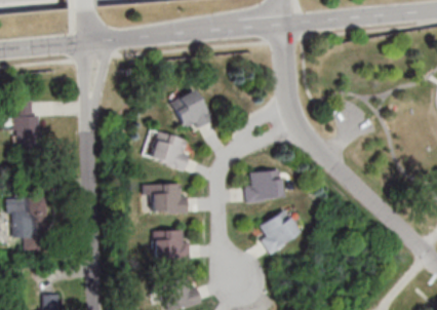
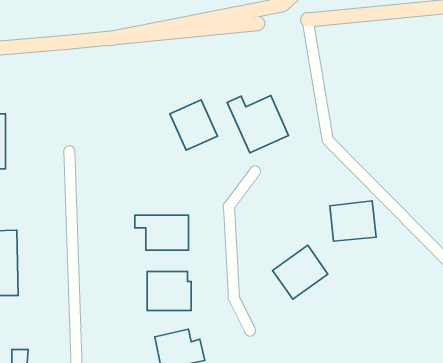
building: none -> [227,96,289,153]
building: [149,131,190,169] -> none
building: [245,169,283,202] -> [330,201,376,241]

